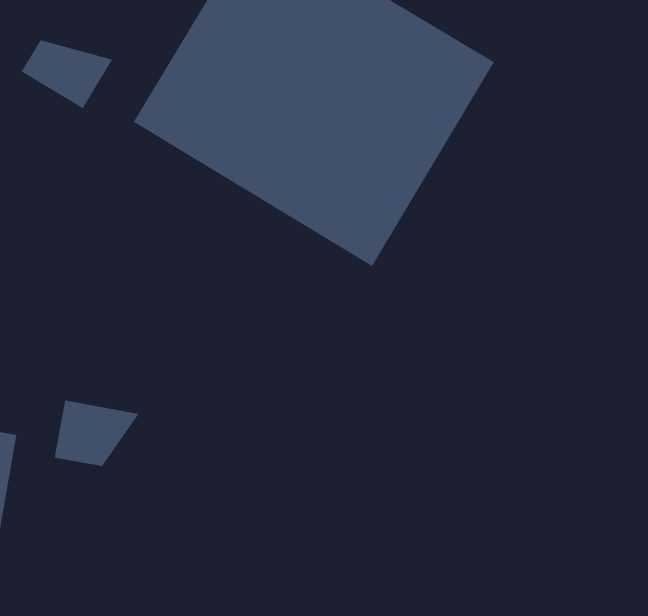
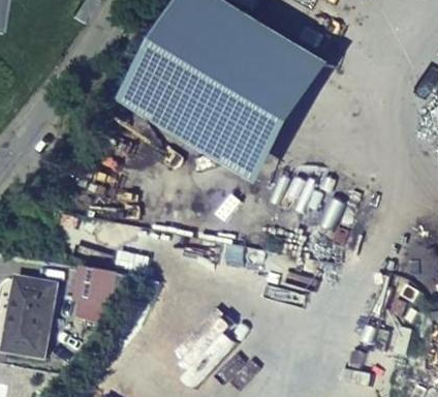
building: [21,39,113,109] -> none

